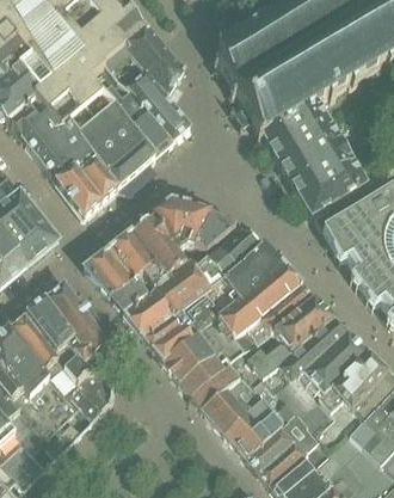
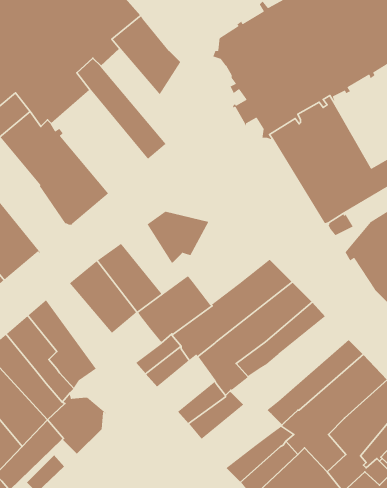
building: [111,56,189,141] -> none
building: [67,93,153,185] -> none
building: [191,210,235,246] -> none
building: [129,213,184,275] -> none
building: [193,227,261,284] -> none
building: [121,291,165,336] -> none
building: [245,295,332,376] -> none
building: [161,330,213,380] -> none
building: [201,374,272,430] -> none

